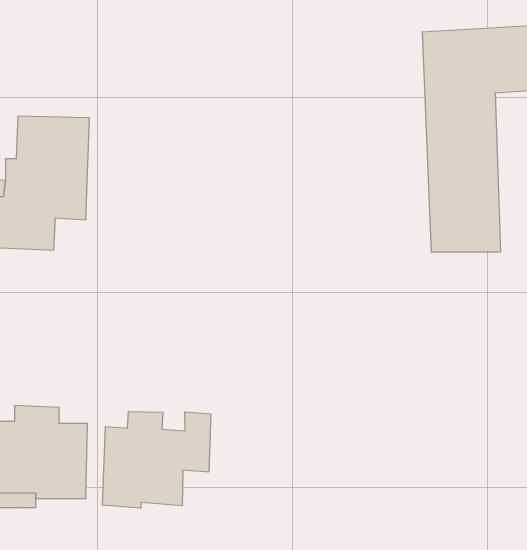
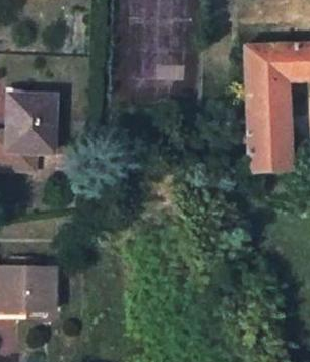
building: [102,411,211,508] -> none

